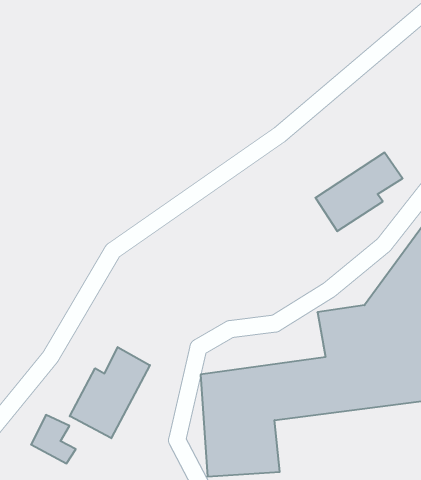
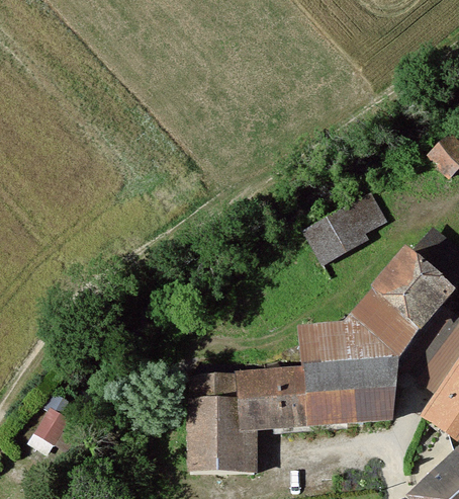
building: [70,347,150,438] -> none

